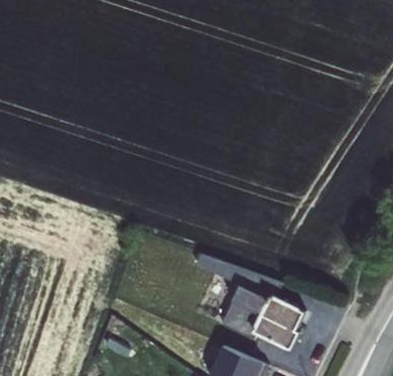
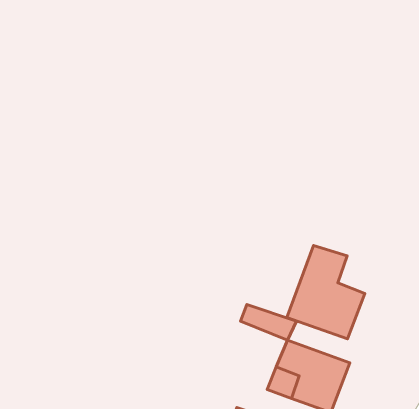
building: none -> [287,246,365,339]

